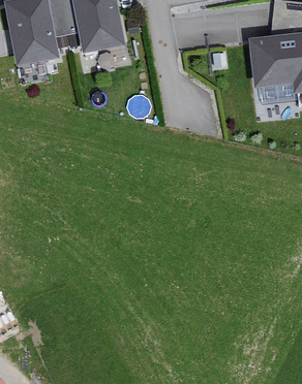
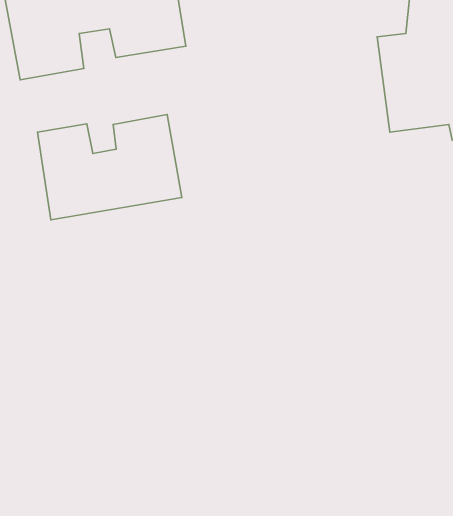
building: none -> [37,115,182,220]

